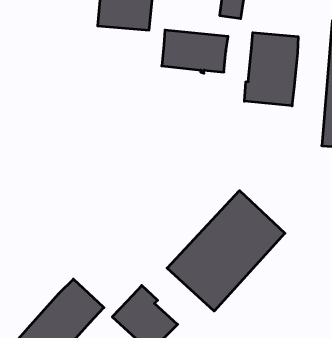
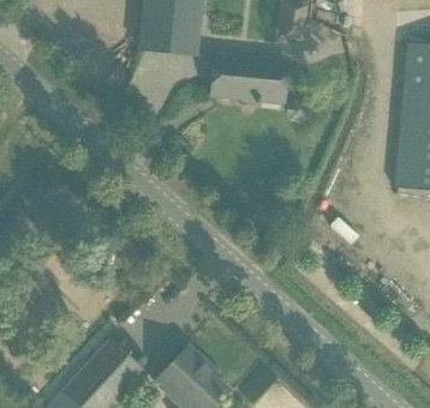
building: [244,33,298,106] -> none
building: [167,191,285,311] -> none

